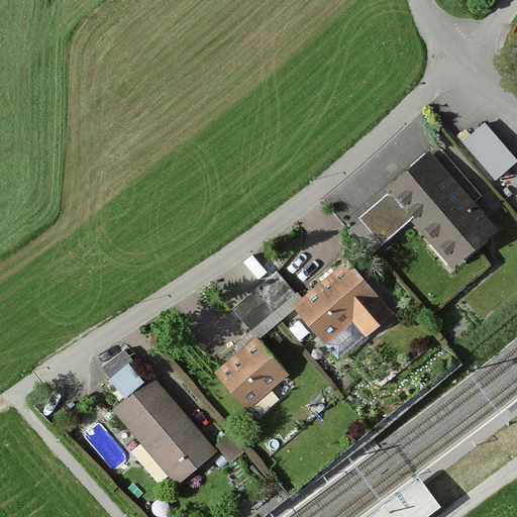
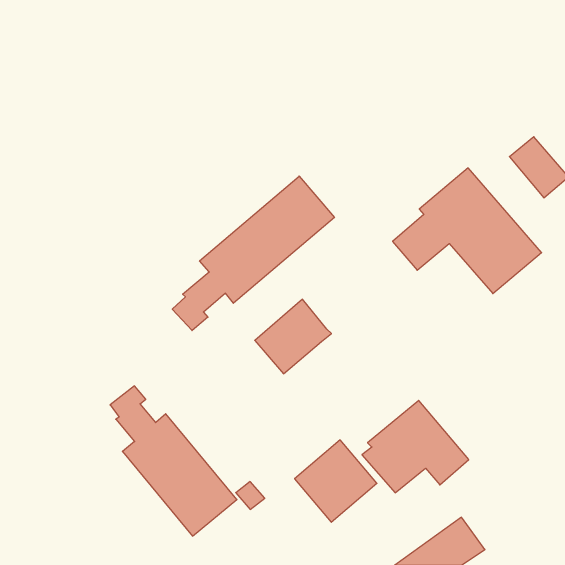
building: none -> [172,176,334,331]
building: [295,261,392,344] -> [362,400,469,493]
building: [213,338,288,413] -> [295,440,377,522]

